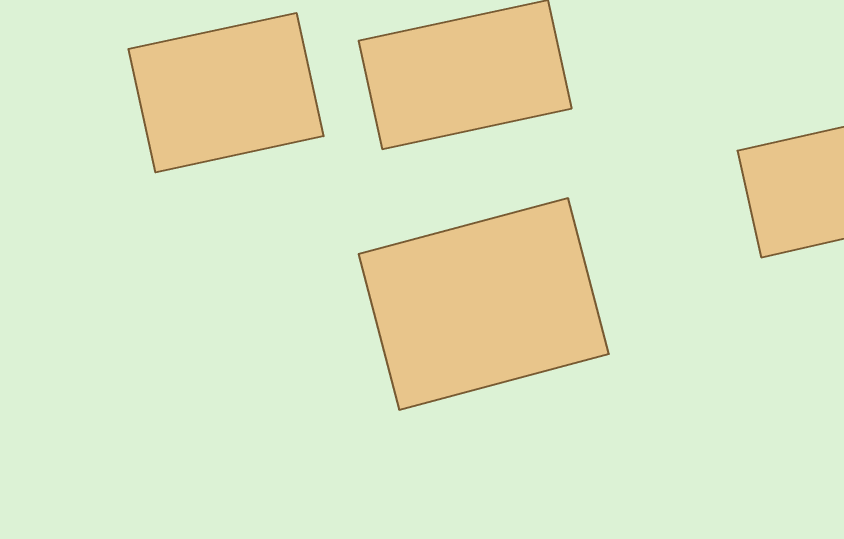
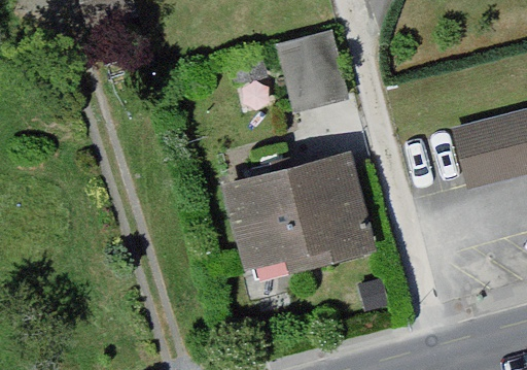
building: [128,13,324,172] -> none

